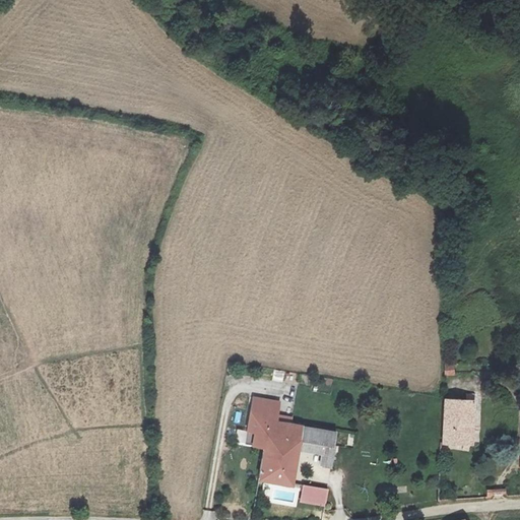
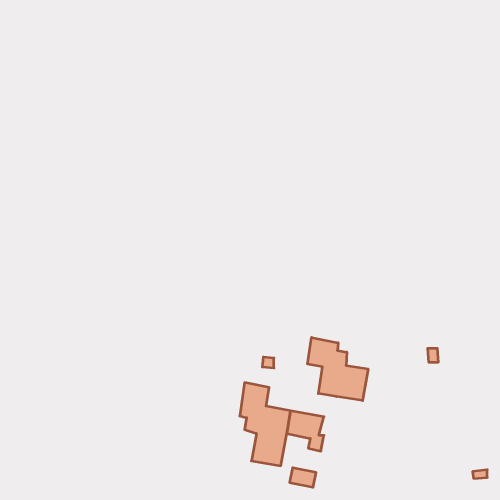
building: none -> [308,337,368,401]
building: [442,395,476,444] -> none

